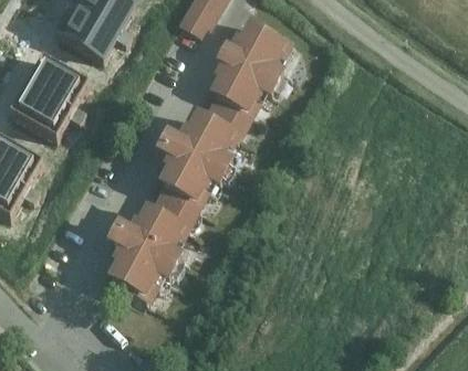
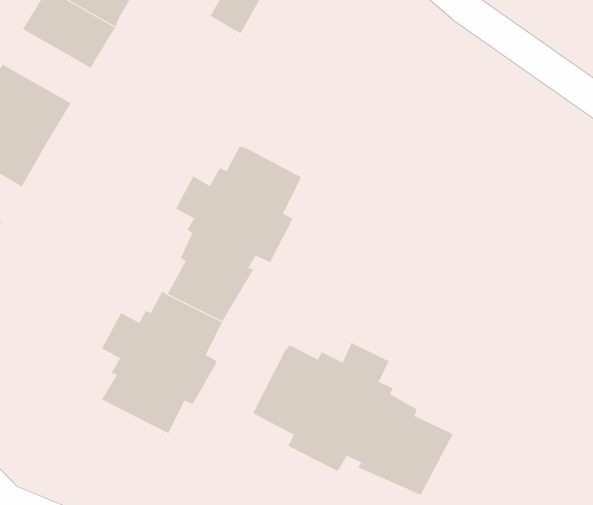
building: [205,18,292,131] -> none
building: none -> [253,342,454,496]

